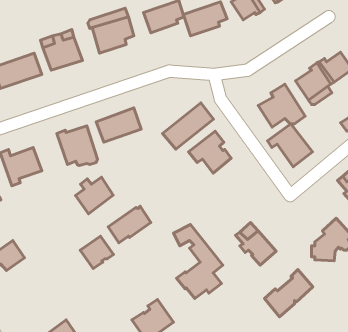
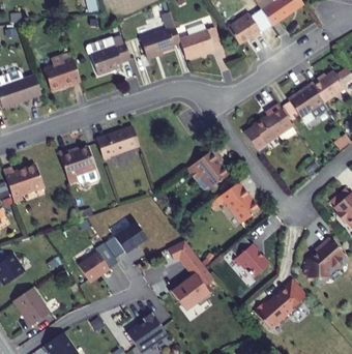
building: [163,103,214,149] -> none
building: [267,124,312,167] -> [213,183,257,225]
building: [76,177,113,214] -> none
building: none -> [16,288,53,326]

